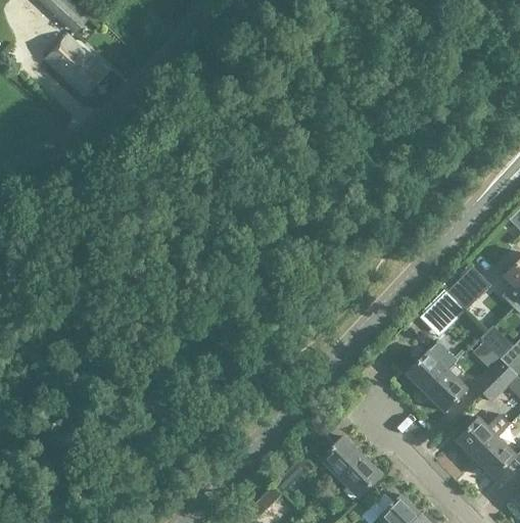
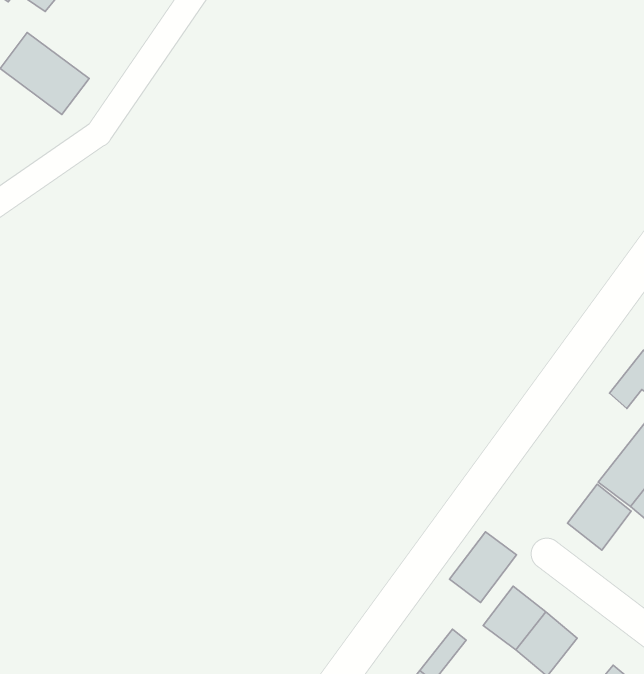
building: none -> [568,484,631,550]
building: none -> [449,532,516,603]

